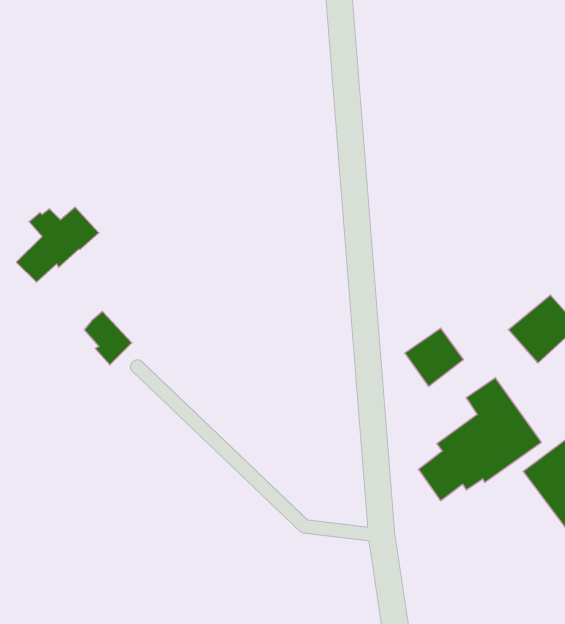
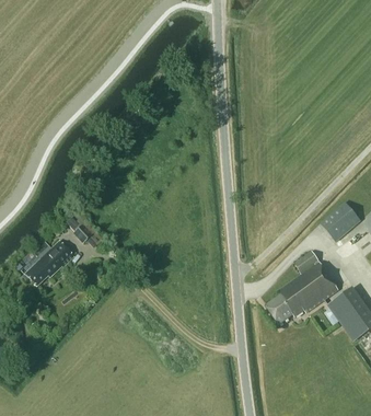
building: [16,207,99,282] -> [24,241,73,286]
building: [405,328,463,386] -> none

